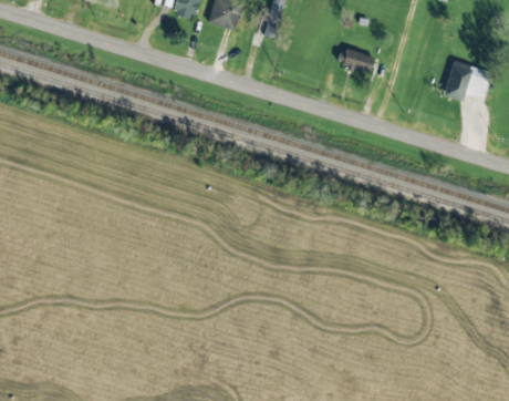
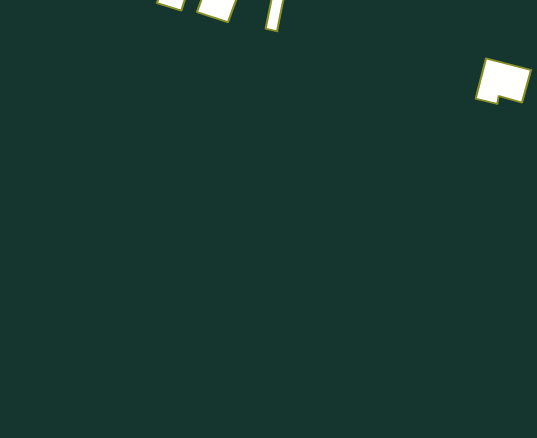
building: [341,49,374,74] -> none

